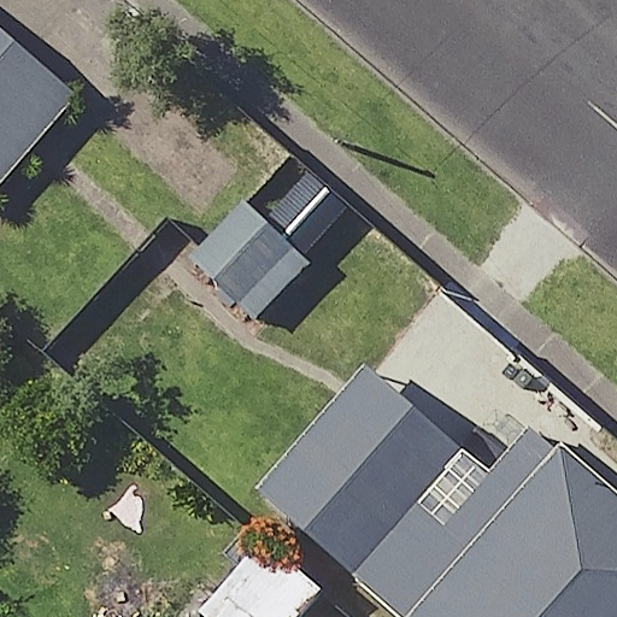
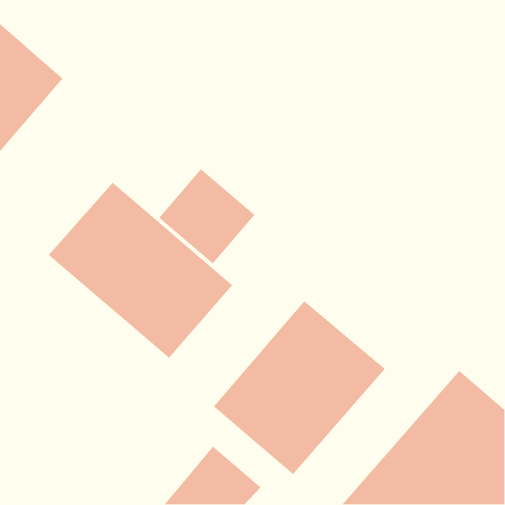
building: none -> [48,182,233,359]

